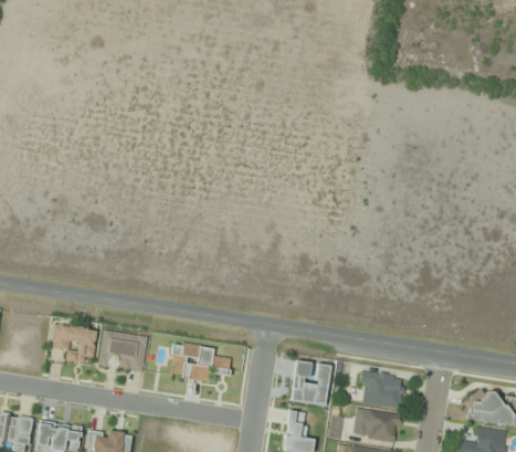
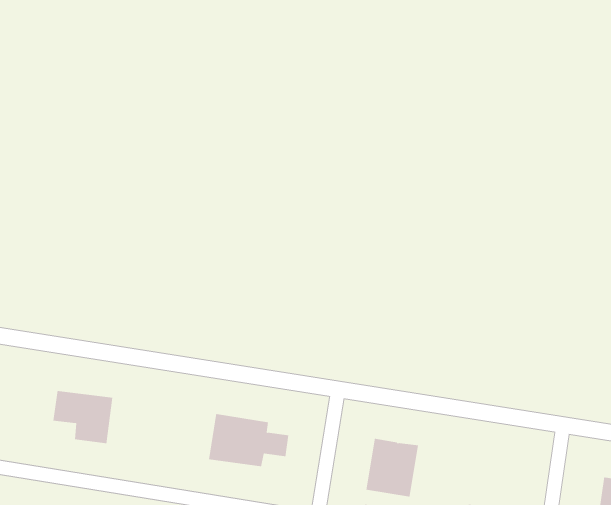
building: [98,330,148,370] -> none
building: [361,374,403,406] -> none

